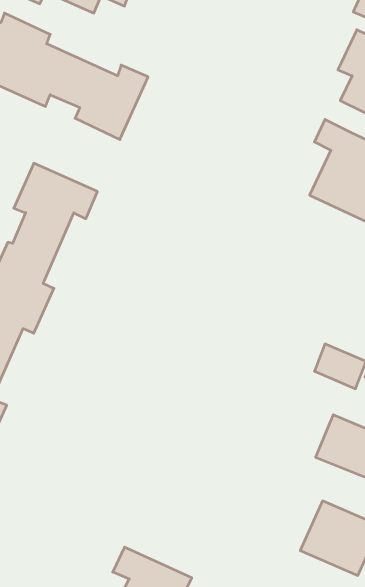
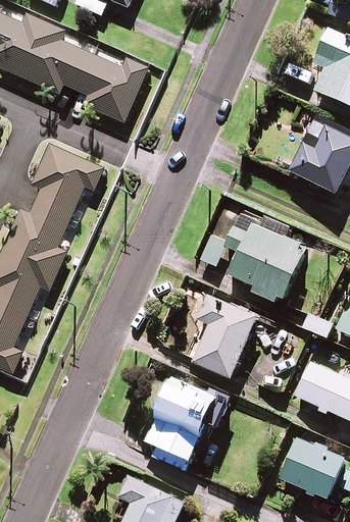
building: none -> [198,212,308,302]
building: none -> [192,293,259,378]
building: none -> [147,375,230,470]

